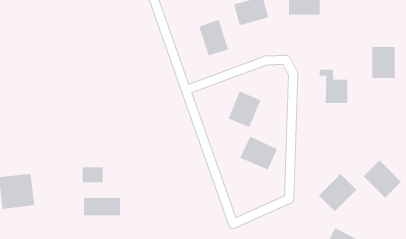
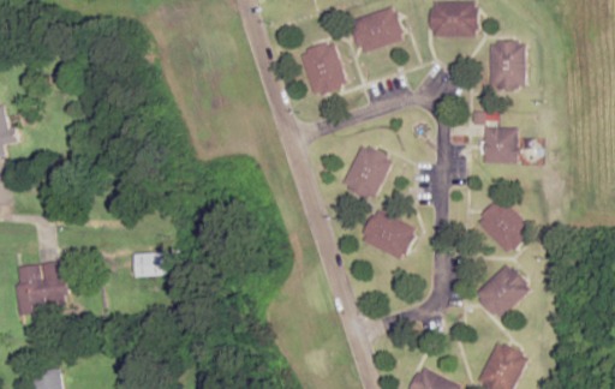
building: [371,46,396,79] -> [489,41,524,88]
building: [363,159,402,199] -> [476,197,532,253]
building: [83,197,121,216] -> none

